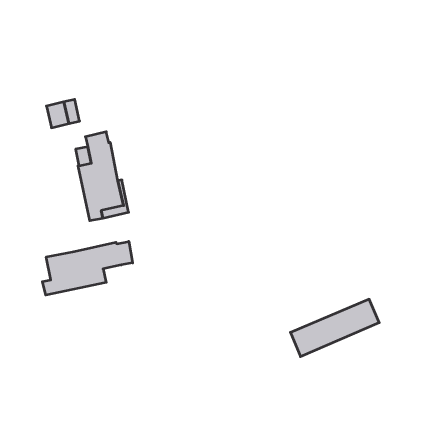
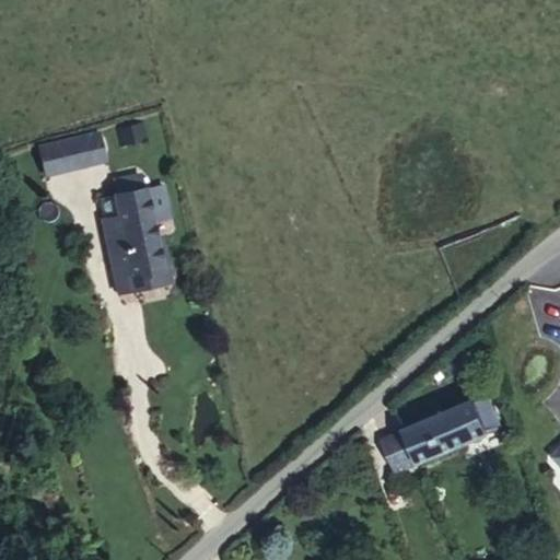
building: [42,241,133,295] -> none

